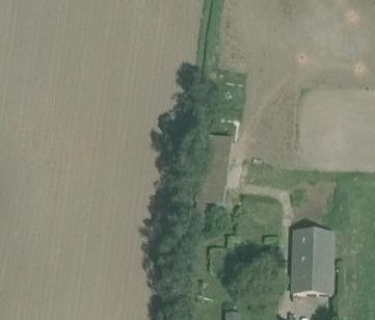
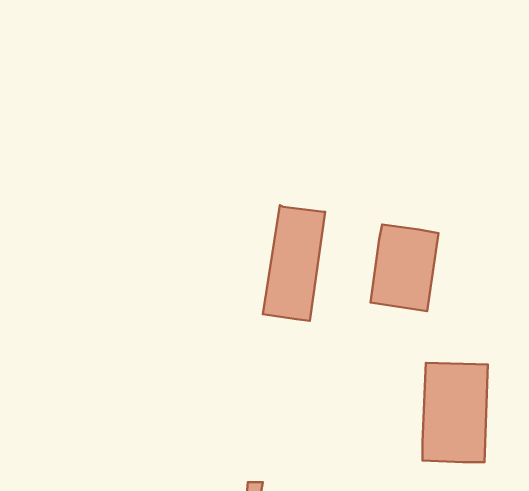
building: none -> [370,224,439,311]

